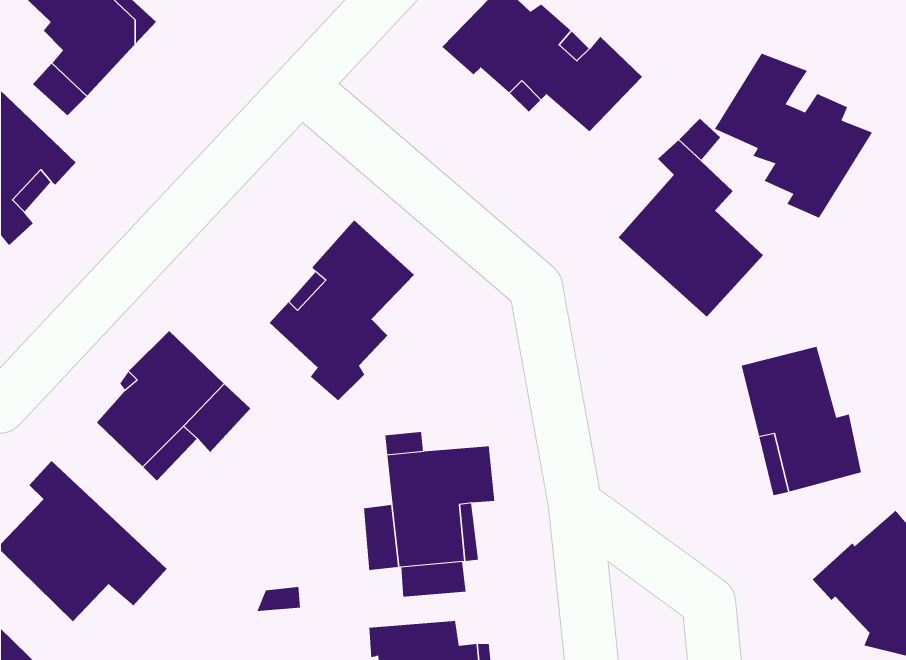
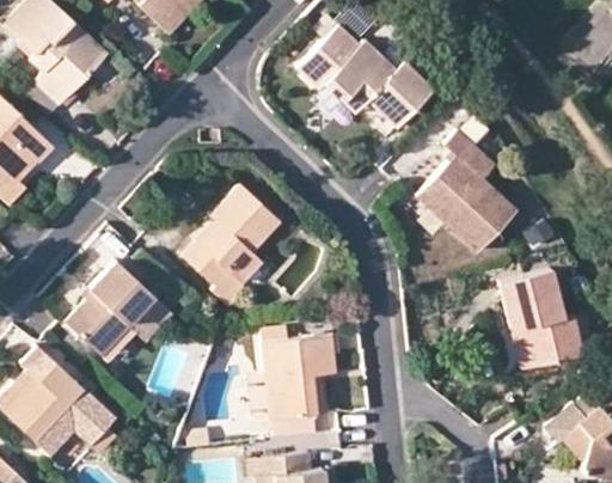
building: [714,53,873,219] -> none

